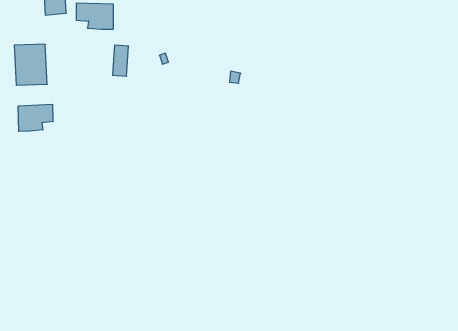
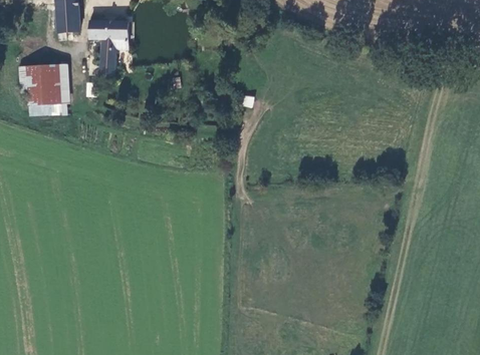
building: [113,45,129,76] -> [98,45,114,76]
building: [18,104,53,131] -> none

